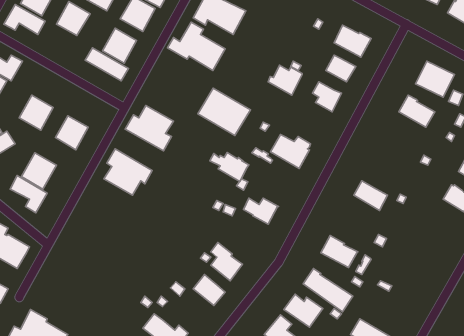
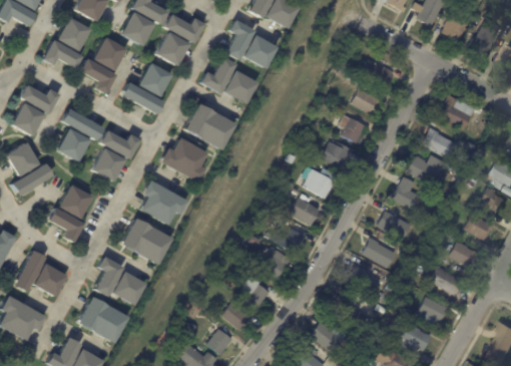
building: none -> [79,58,115,93]
building: [268,65,302,95] -> [323,140,356,169]
building: none -> [60,107,102,139]
building: [198,88,250,136] -> [183,103,234,149]
building: none -> [99,129,139,158]
building: none -> [411,154,449,185]
building: none -> [396,176,424,211]
building: [210,153,249,181] -> [286,198,324,226]
building: none -> [120,218,170,264]
building: none -> [366,238,400,268]
building: none -> [453,242,481,267]
building: none -> [263,247,295,280]
building: none -> [93,256,145,304]
building: none -> [434,266,468,295]
building: none -> [76,296,127,342]
building: none -> [419,297,452,331]
building: none -> [399,321,436,356]
building: none -> [210,327,235,354]

